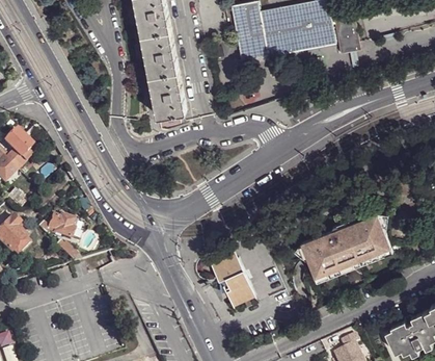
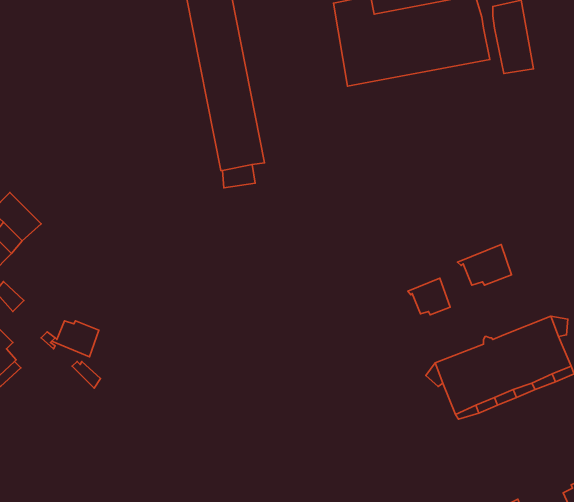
building: none -> [458,244,512,285]
building: none -> [408,278,450,315]
building: [210,253,255,306] -> none

